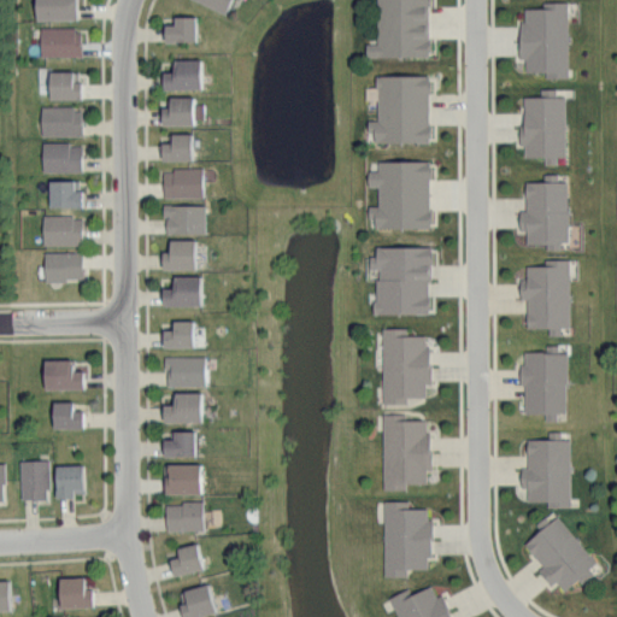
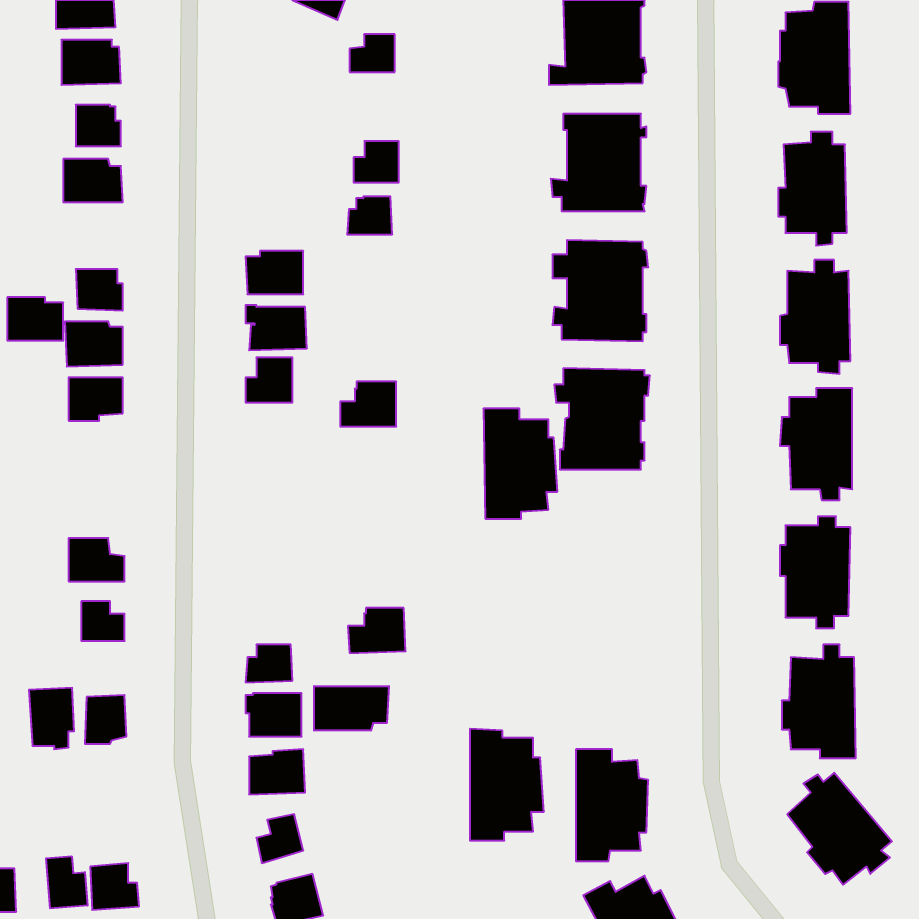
building: [166,18,196,43] -> [350,34,395,72]
building: [164,61,201,92] -> none
building: [164,99,194,127] -> [354,141,399,183]
building: [163,136,193,161] -> [347,196,392,234]
building: [43,145,81,174] -> [7,297,63,341]
building: [164,277,201,307] -> [340,382,396,427]
building: [164,322,194,349] -> none
building: [382,330,431,404] -> [483,409,557,519]
building: [165,358,205,387] -> none
building: [164,394,202,424] -> [348,608,406,653]
building: [383,416,433,490] -> [470,729,544,841]
building: none -> [314,686,389,731]
building: none -> [46,856,88,908]

